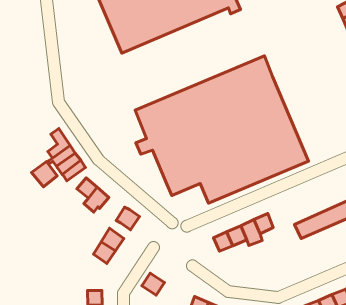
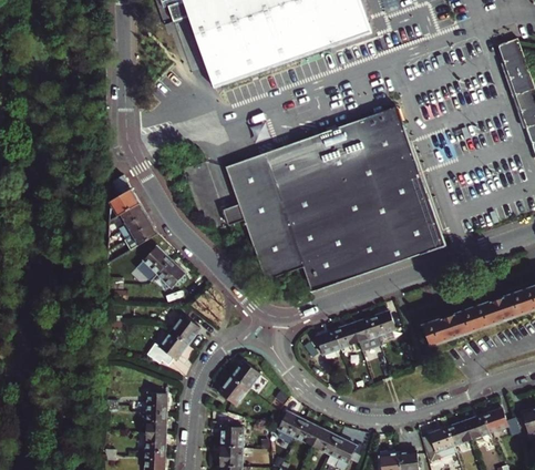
building: [32,161,57,187] -> none
building: [116,207,140,230] -> none
building: none -> [230,359,260,389]

